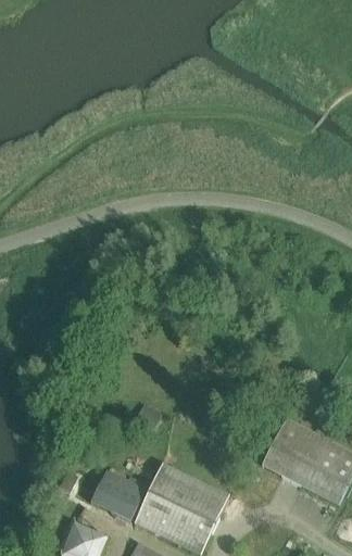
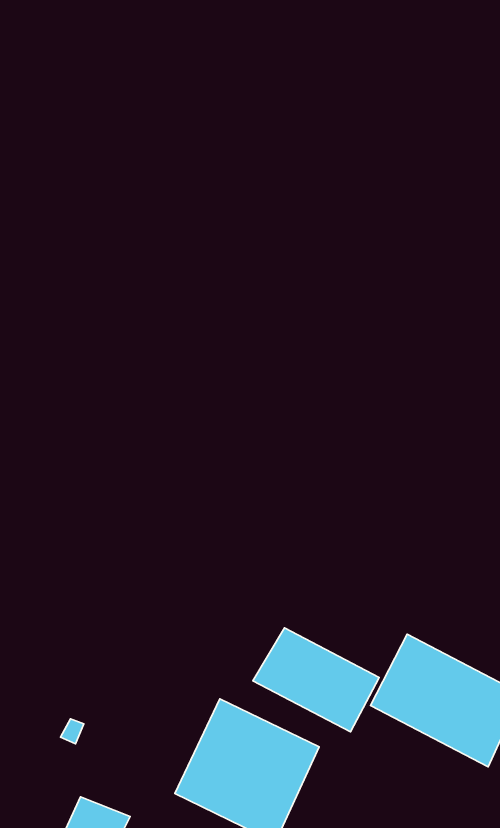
building: none -> [253,628,379,732]
building: [90,469,146,519] -> none

